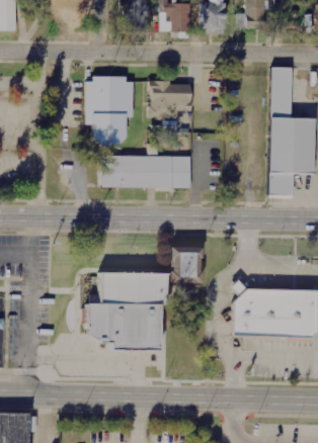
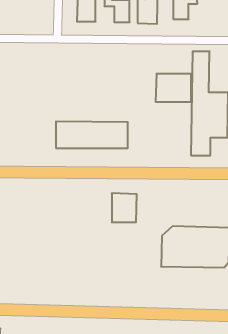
building: [84,77,133,149] -> none
building: [147,83,191,118] -> [156,74,191,102]
building: [84,271,165,348] -> none

